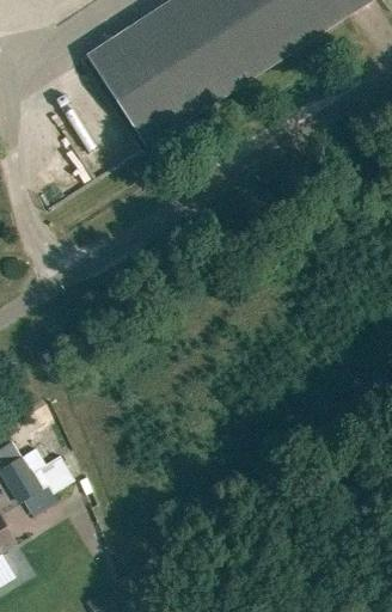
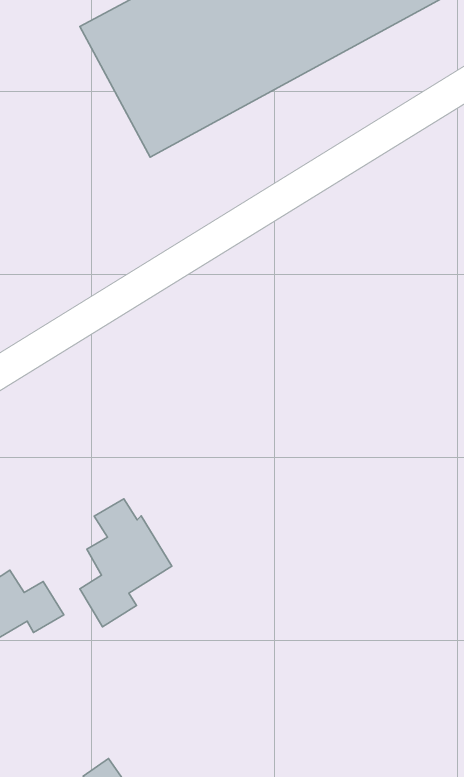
building: none -> [80,499,172,627]

